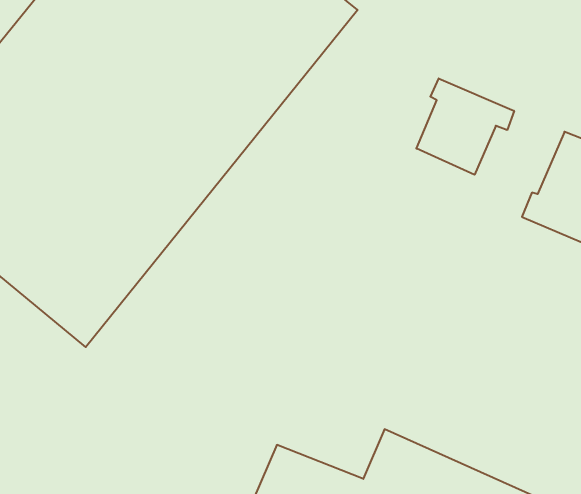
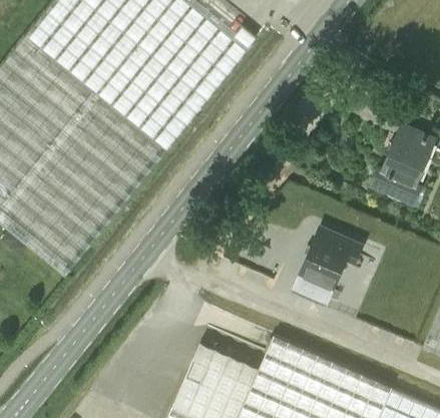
building: [416,78,514,175] -> none
building: none -> [295,227,355,300]

